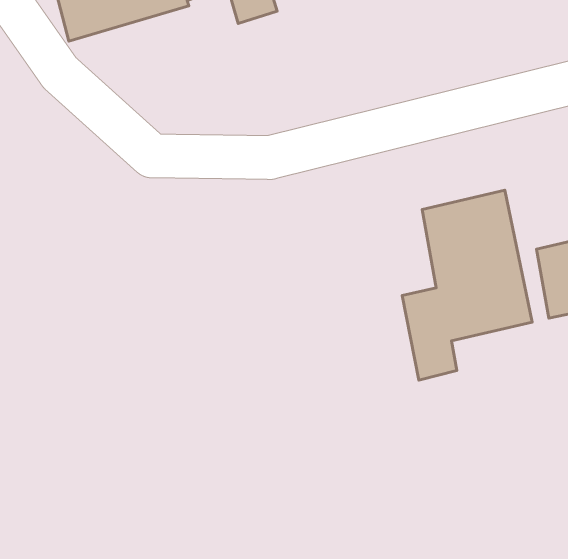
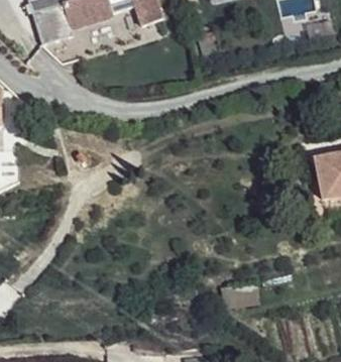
building: [402,190,532,380] -> none

